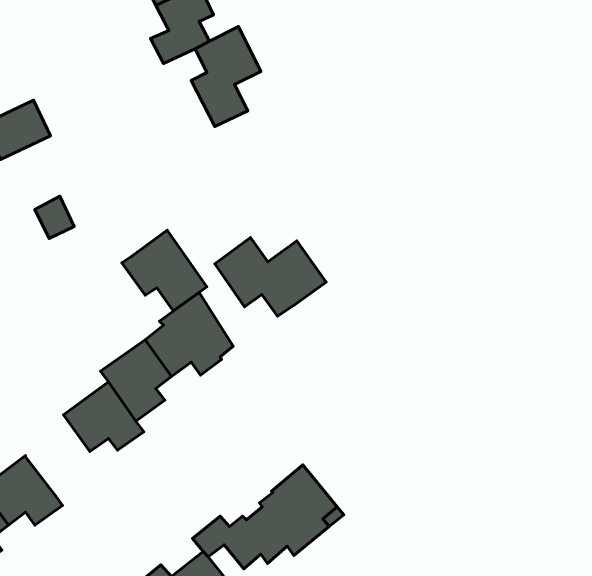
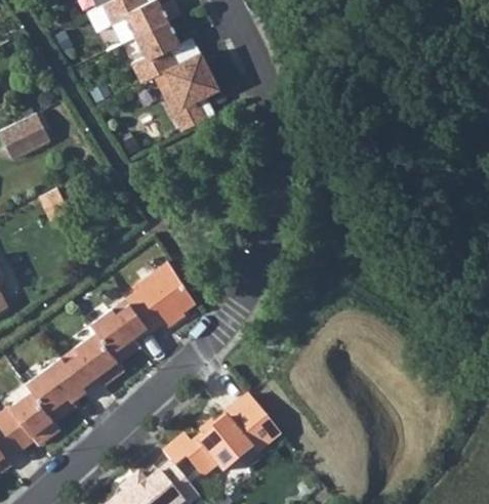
building: [122,230,207,311] -> none
building: [215,238,326,316] -> none
building: none -> [27,358,82,421]

